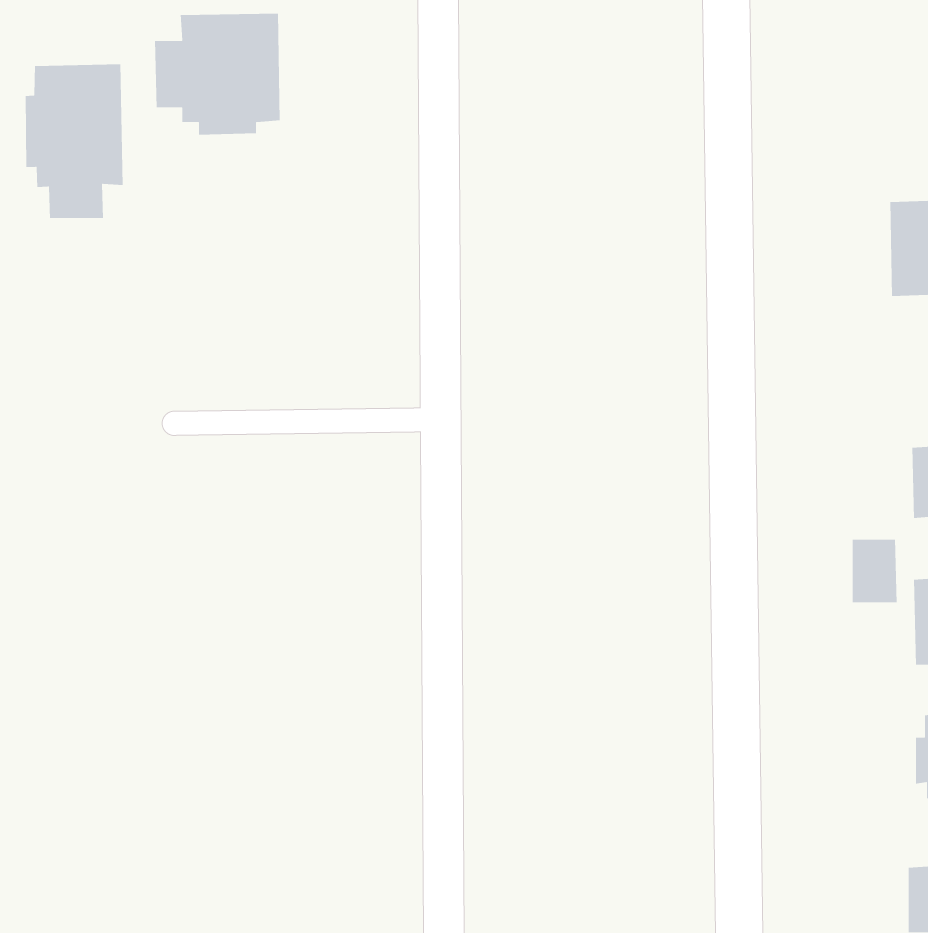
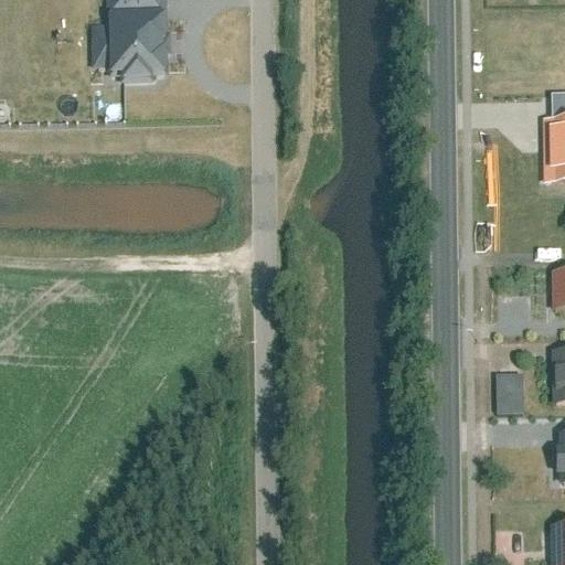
building: [25,64,124,219] -> none
building: [852,539,898,603] -> [497,373,524,412]

